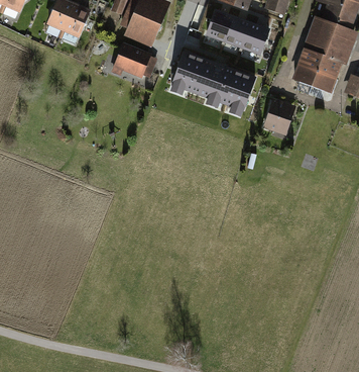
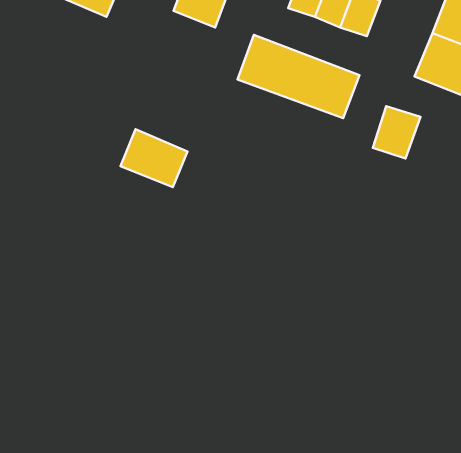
building: [114,42,159,82] -> [121,129,188,187]

